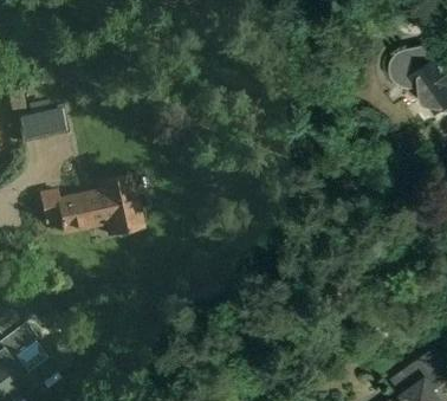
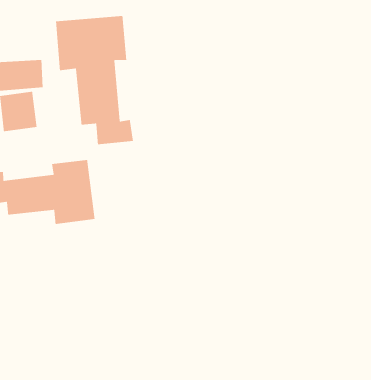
building: none -> [55,15,134,145]

